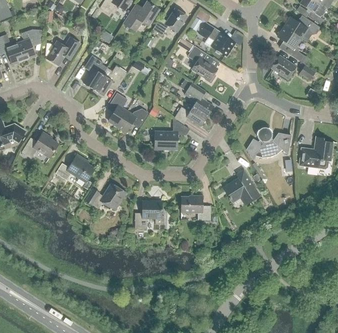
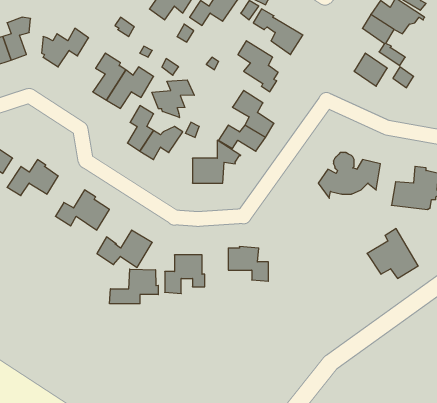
building: none -> [152,80,194,118]
building: [222,169,259,205] -> [367,229,418,278]
building: none -> [110,269,158,304]

